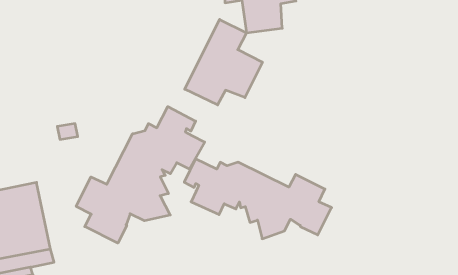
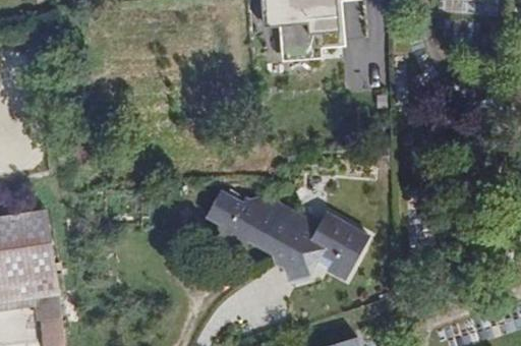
building: [185,19,262,105] -> none
building: [76,107,205,243] -> none

